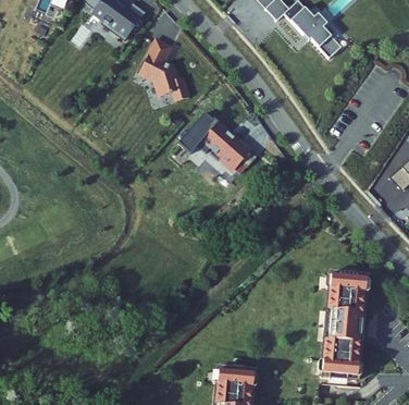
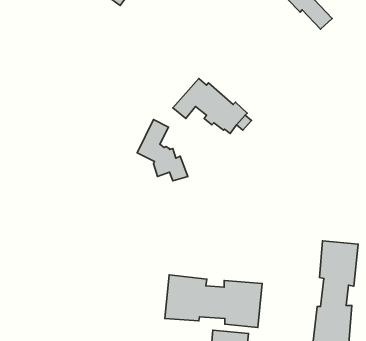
building: [142,34,194,96] -> [137,120,188,181]
building: none -> [165,275,262,327]

